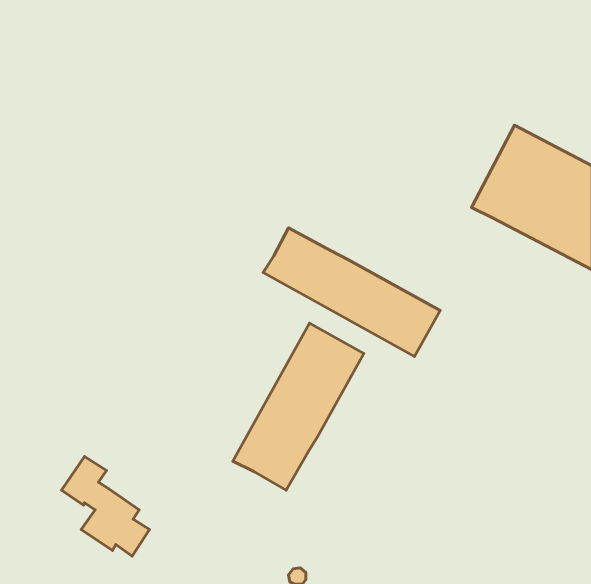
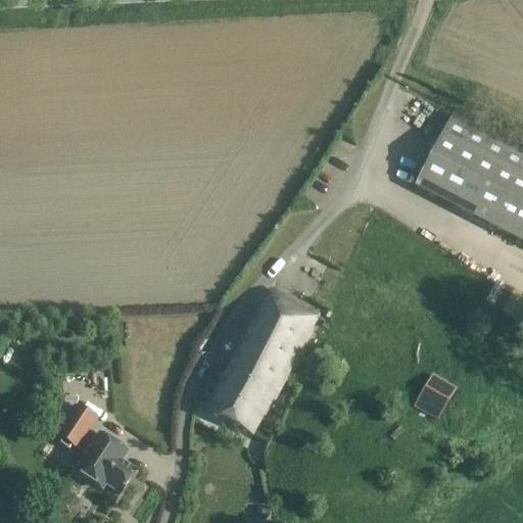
building: [263,228,440,357] -> none
building: none -> [420,373,456,408]

